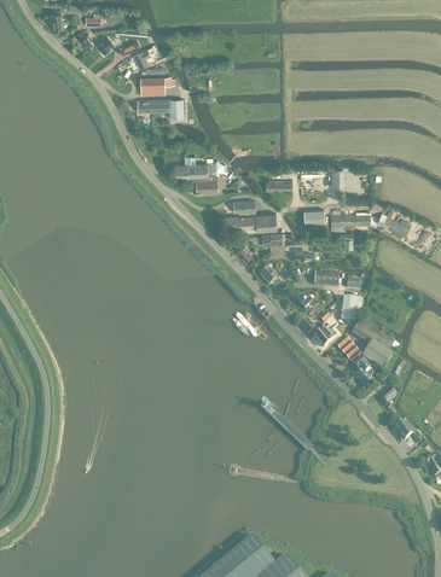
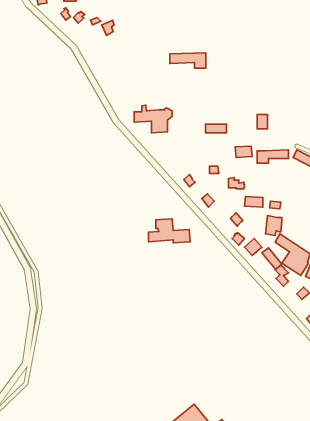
building: [139,75,174,93] -> none
building: [137,98,182,117] -> [170,53,206,68]
building: [224,199,277,229] -> [148,219,190,243]

